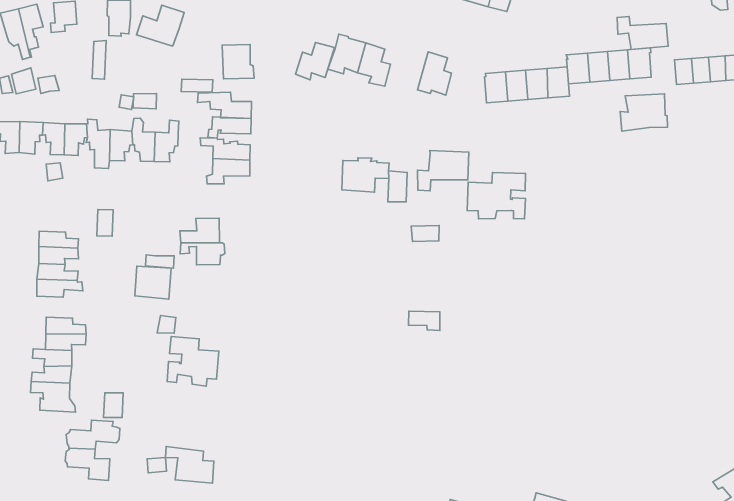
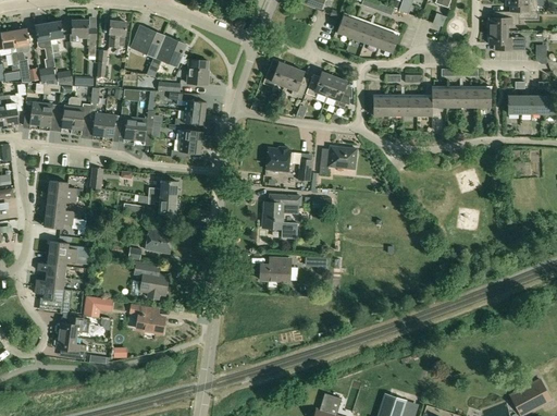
building: none -> [148,38,189,73]
building: [617,16,668,50] -> none
building: [296,42,334,80] -> none
building: none -> [306,72,334,102]
building: [620,94,667,131] -> none
building: [467,172,526,219] -> none
building: none -> [263,196,300,238]
building: [135,266,171,299] -> [146,229,173,254]
building: none -> [259,258,290,282]
building: [165,447,214,483] -> [132,305,165,333]

